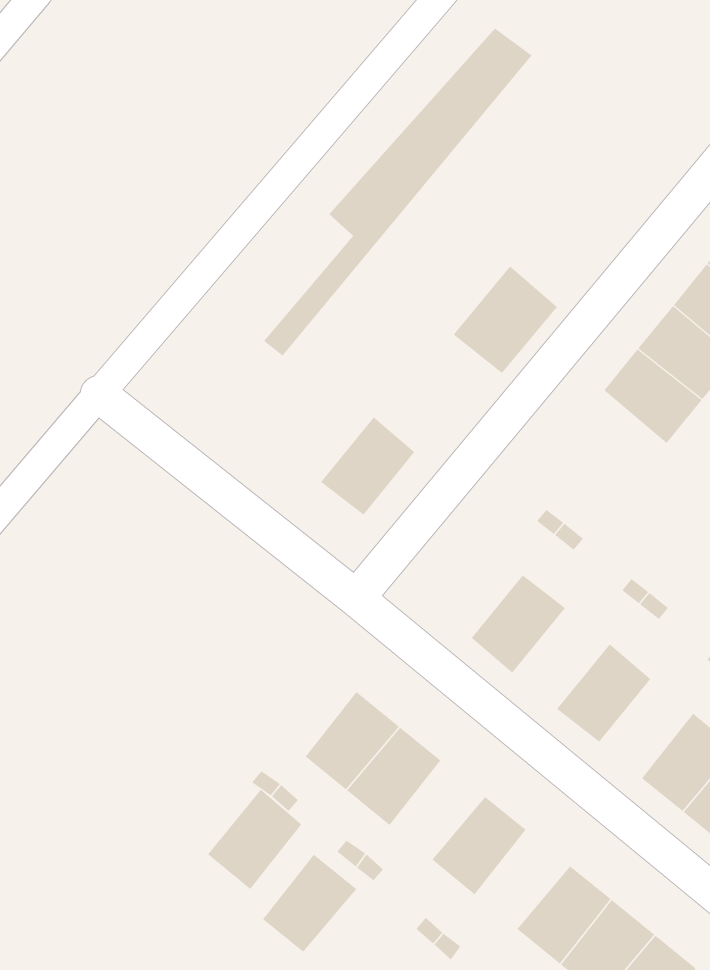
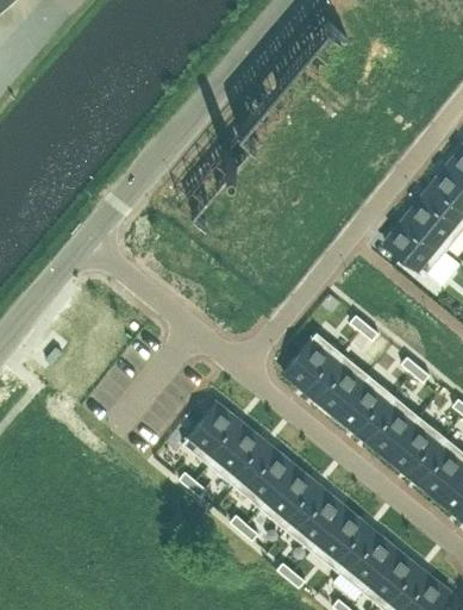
building: [453,265,558,374] -> none
building: [320,417,415,516] -> [283,332,340,392]
building: none -> [334,374,392,434]
building: none -> [387,417,443,477]
building: [207,789,302,890] -> [183,403,240,463]
building: none -> [312,508,369,567]
building: [262,854,357,953] -> [261,466,318,525]

